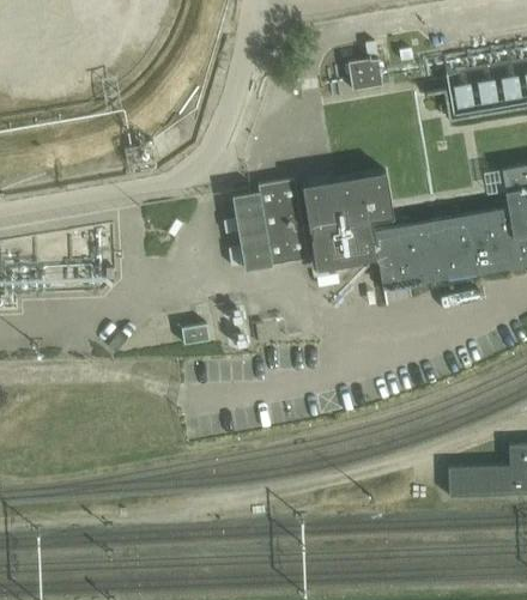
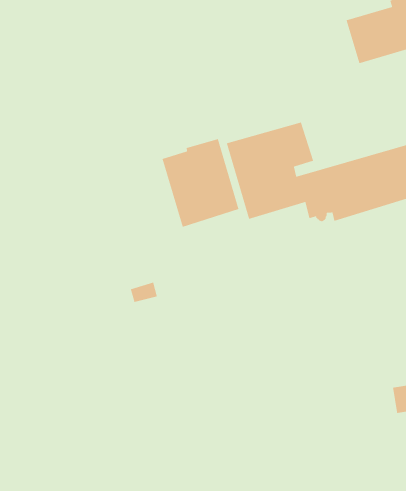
building: [349,61,383,91] -> none

